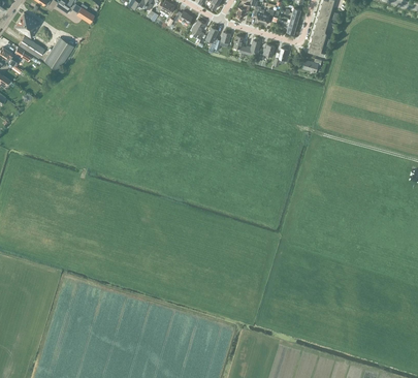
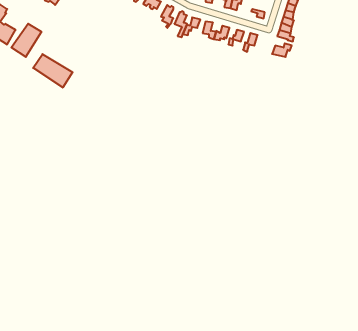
building: none -> [33,54,73,88]

